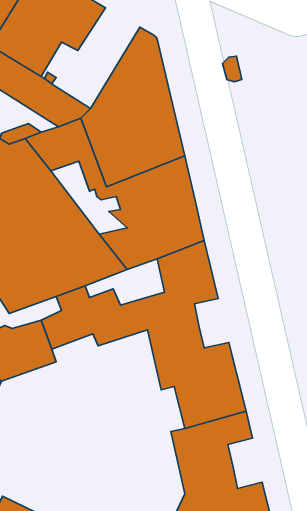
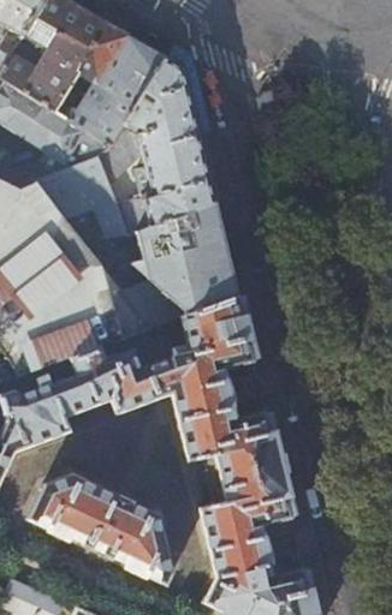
building: none -> [72,34,167,147]
building: none -> [28,473,174,585]

